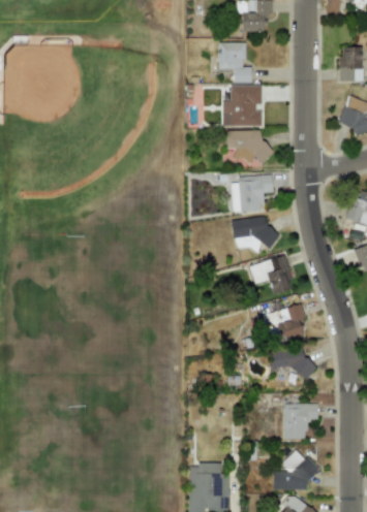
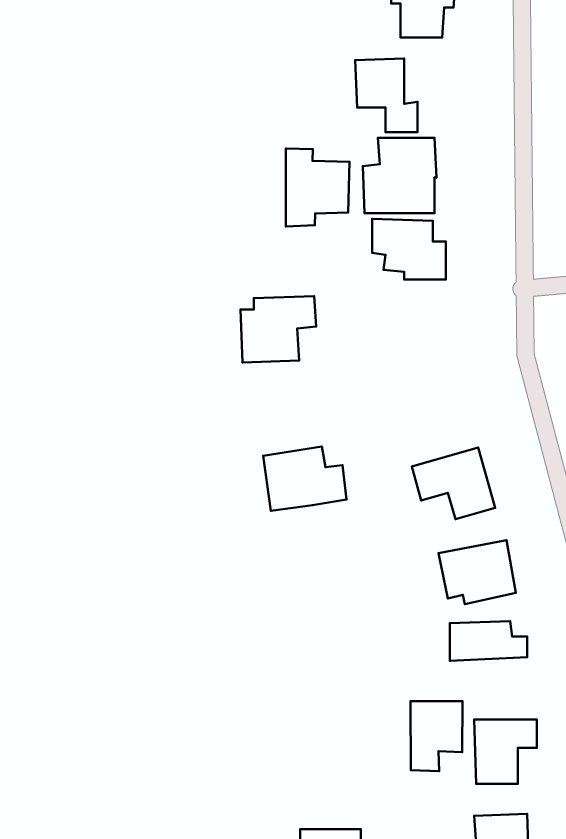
building: none -> [286,148,350,226]
building: [232,175,273,212] -> [240,296,316,362]
building: [233,216,278,251] -> [263,446,346,511]
building: none -> [411,701,463,771]

